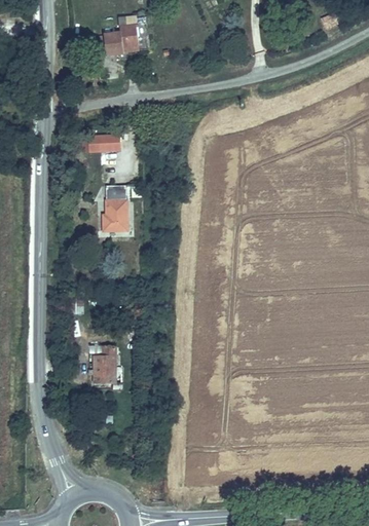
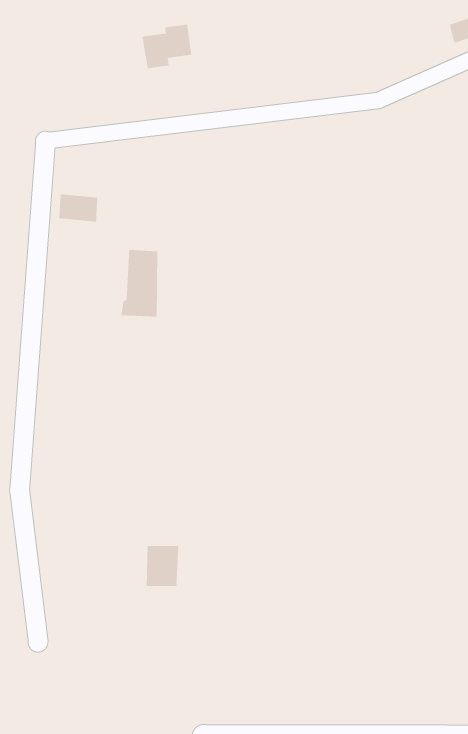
building: [94,135,120,153] -> [58,194,98,222]
building: [93,352,115,382] -> [146,545,179,587]

